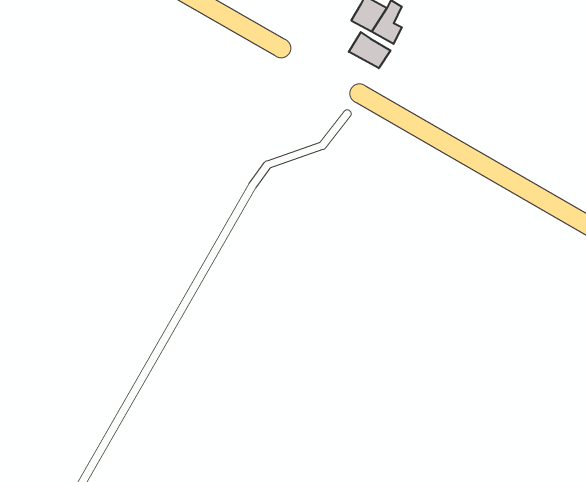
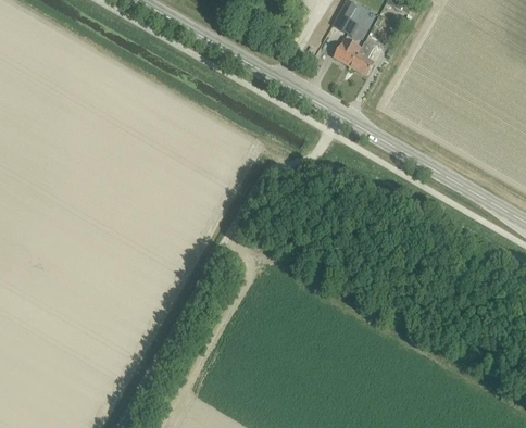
building: [349,32,390,68] -> none

